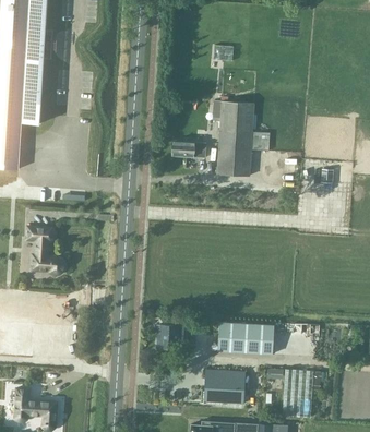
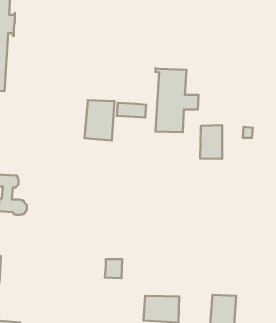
building: none -> [84,100,115,141]
building: none -> [200,125,222,159]
building: [217,321,274,352] -> none

